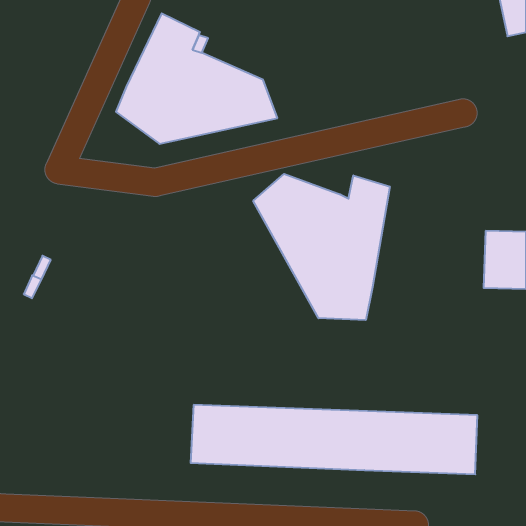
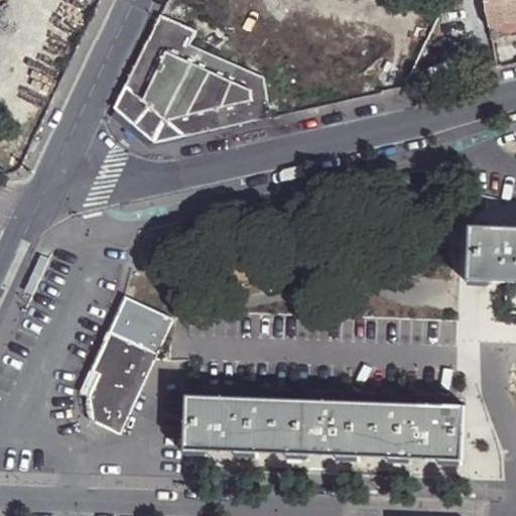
building: [253,174,390,320] -> none
building: none -> [78,295,174,432]

